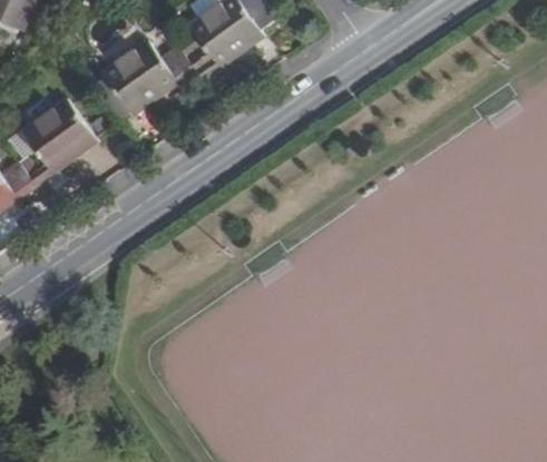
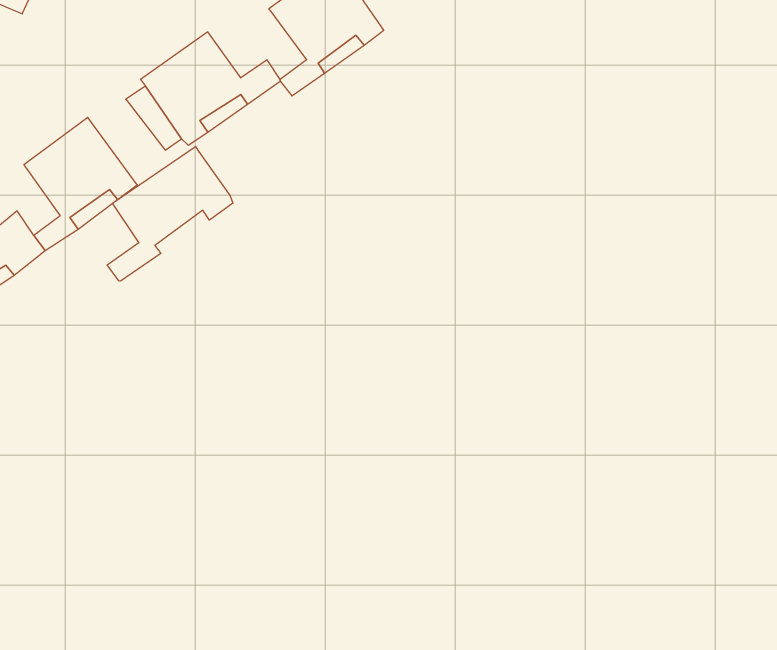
building: none -> [107,146,233,281]

